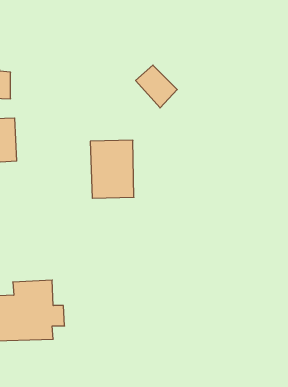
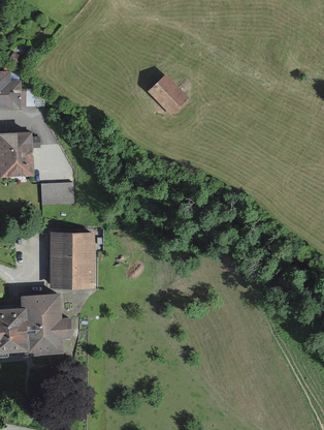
building: [90,140,134,198] -> [50,231,94,289]
building: none -> [38,179,71,202]

